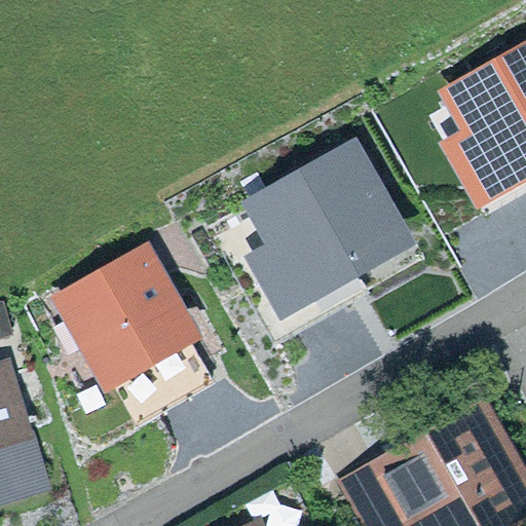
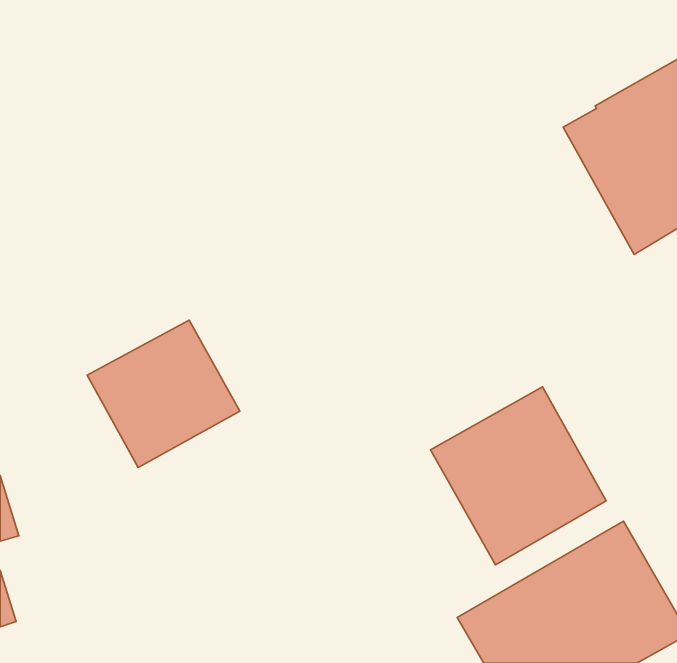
building: [221,142,403,327] -> none
building: none -> [430,387,606,565]

